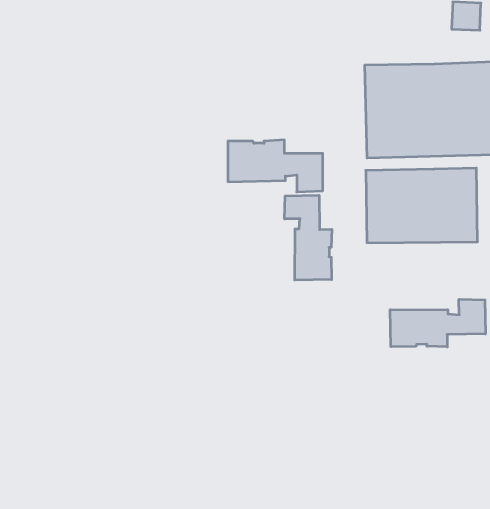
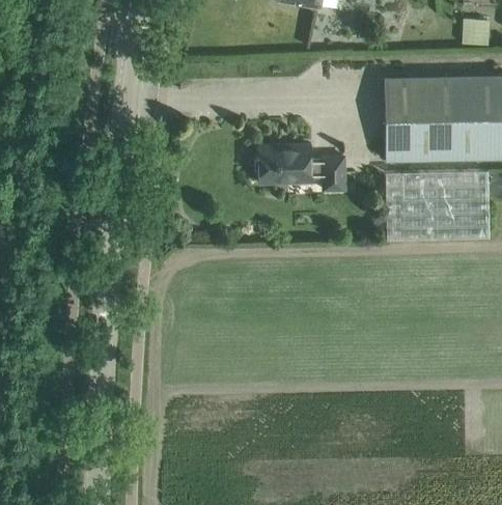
building: [285,195,332,280] -> none
building: [390,299,485,347] -> none

